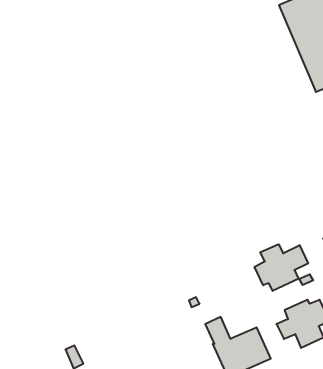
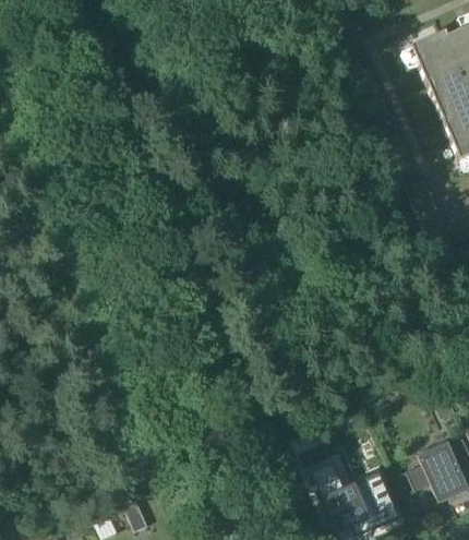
building: [255,244,308,291] -> none

